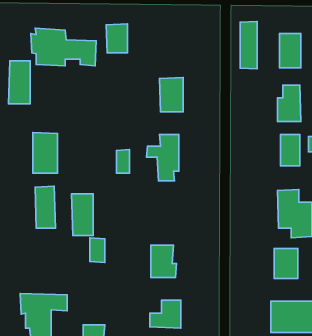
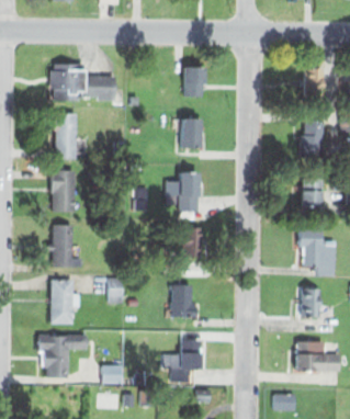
building: [240,21,257,69] -> none
building: [106,24,128,53] -> [183,68,205,98]
building: [9,61,30,104] -> [56,115,78,159]
building: none -> [182,230,202,260]
building: [72,194,93,236] -> [52,281,74,324]

